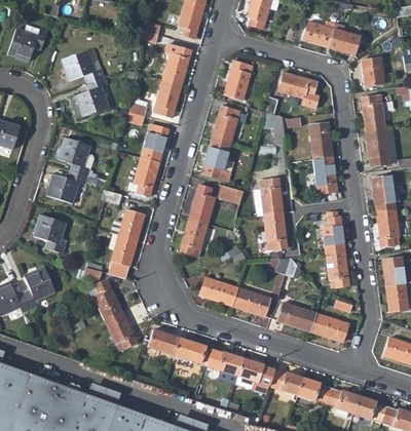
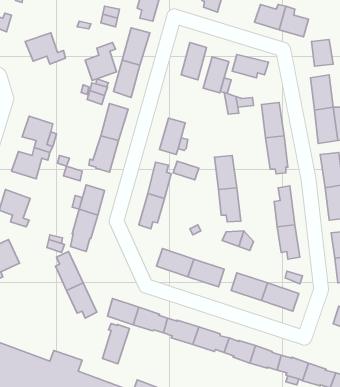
building: [75,77,108,117] -> [85,42,117,81]
building: [212,107,238,145] -> [203,57,229,93]
building: none -> [103,323,130,364]

